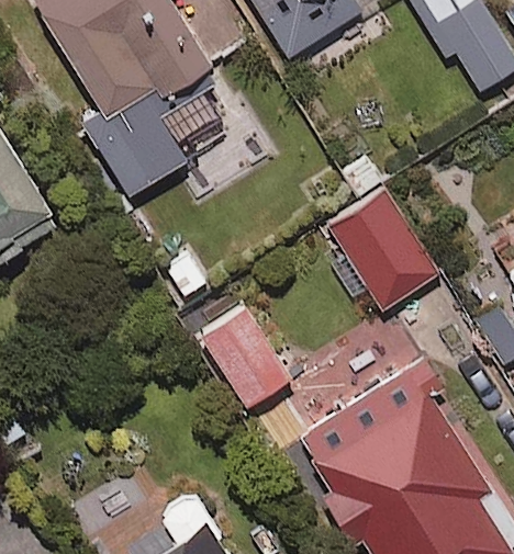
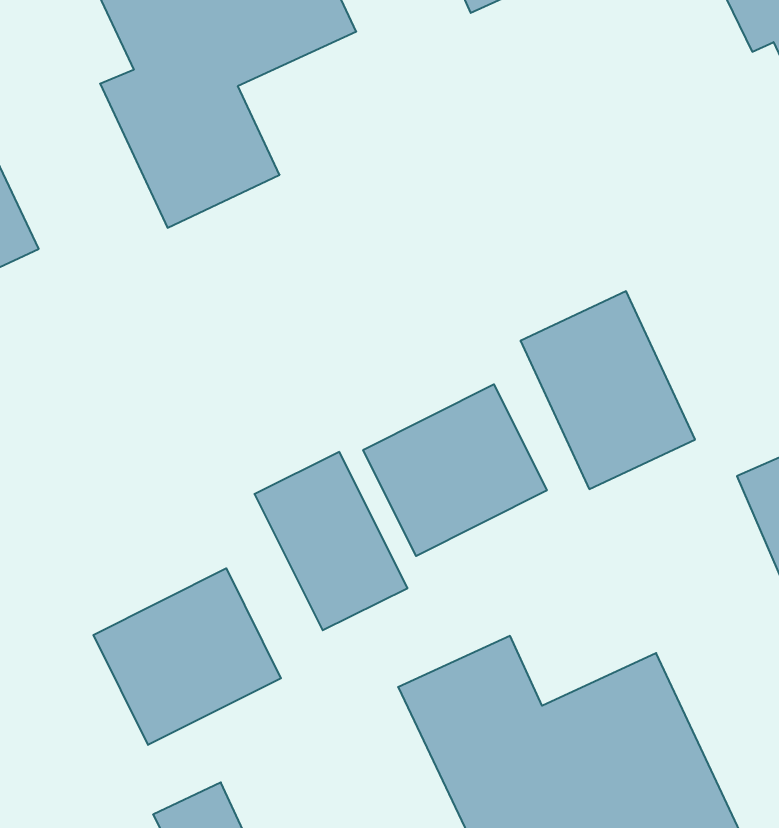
building: none -> [363,384,547,556]
building: none -> [93,568,281,745]

